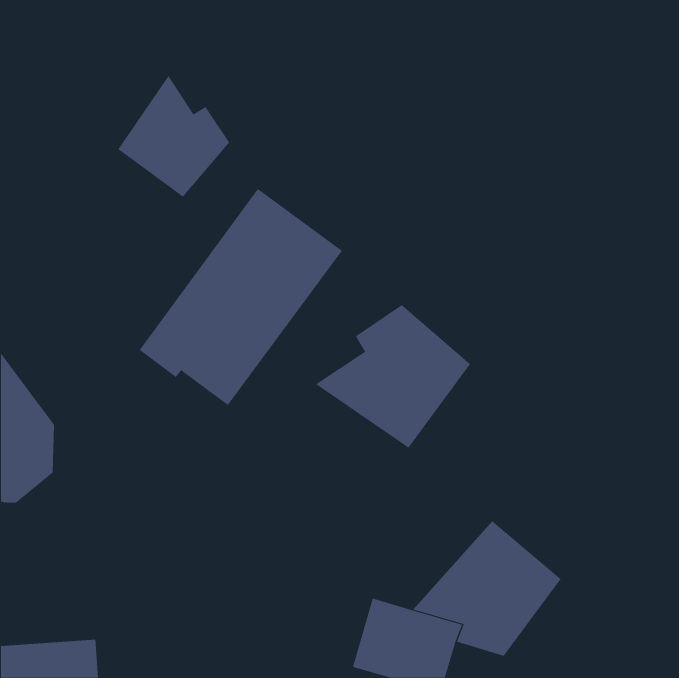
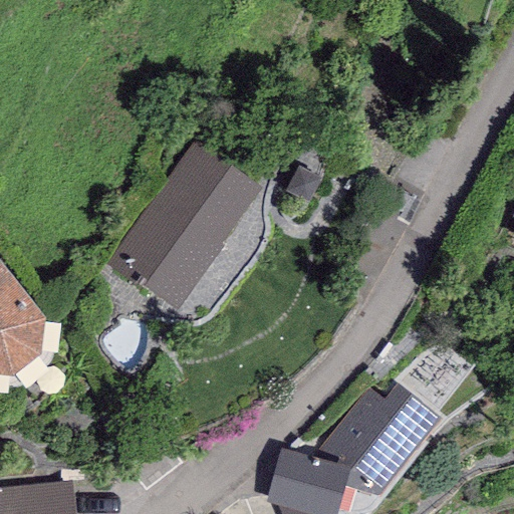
building: [117,75,230,198] -> none
building: [315,304,471,448] -> none

